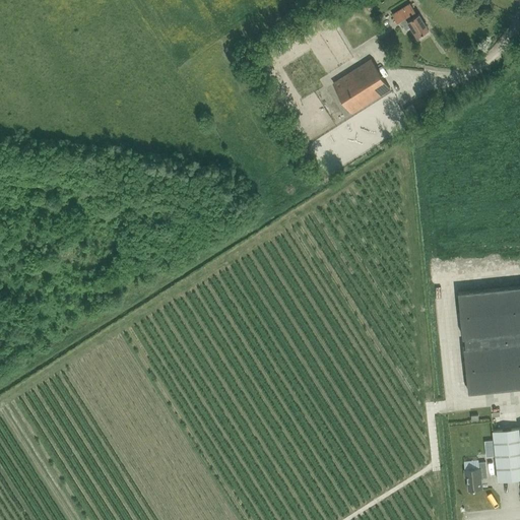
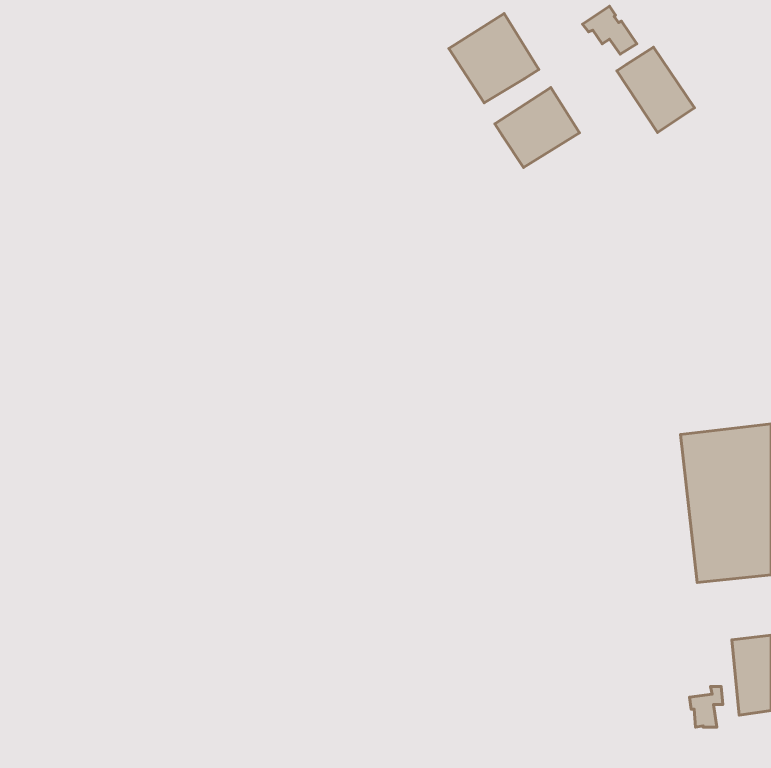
building: none -> [449,13,539,103]
building: none -> [617,47,694,132]

